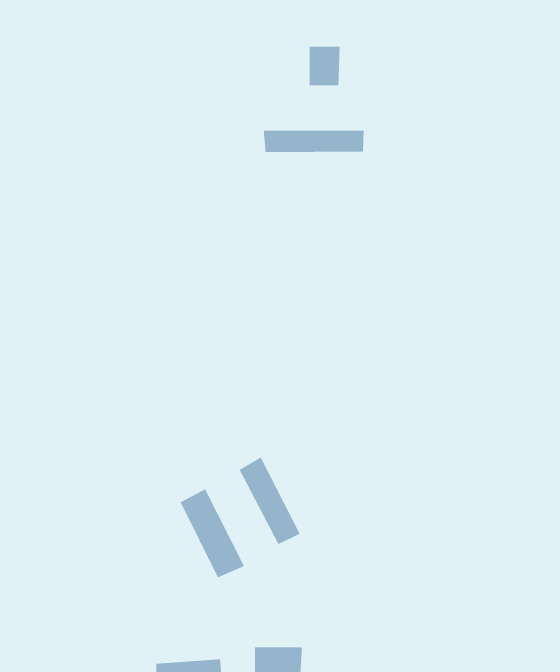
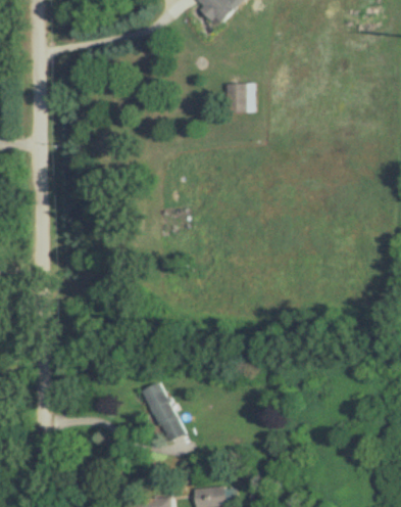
building: [263,130,364,153] -> none
building: [239,456,300,545] -> none

